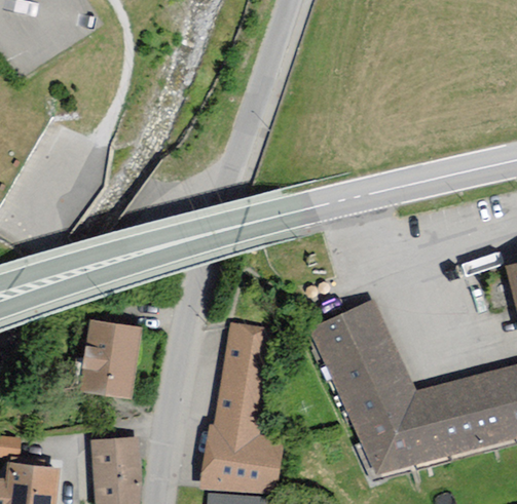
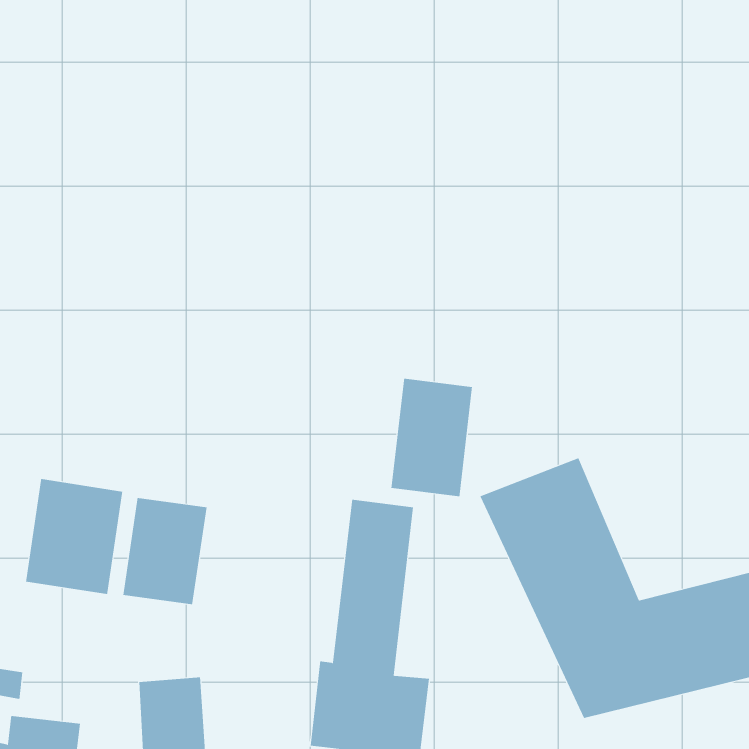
building: none -> [391,378,473,497]
building: none -> [26,478,123,595]

